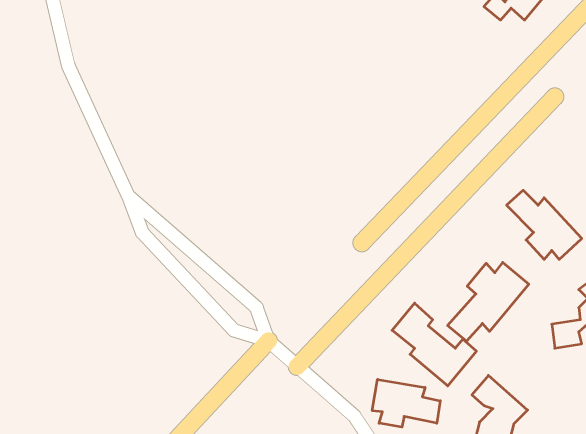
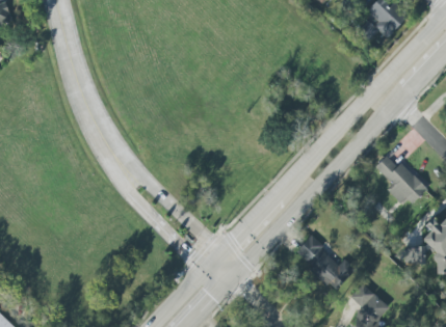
building: [448,262,529,341] -> none
building: [372,379,440,427] -> none

